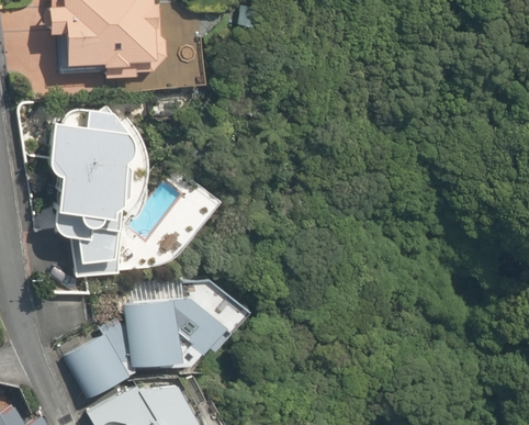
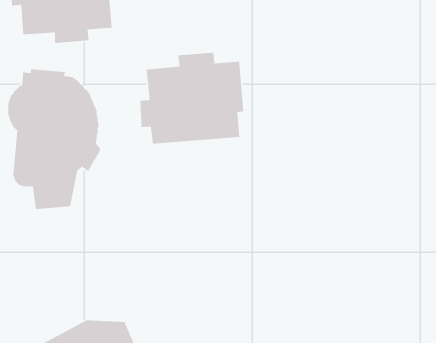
building: none -> [140,52,244,145]
building: [58,280,244,403] -> none

